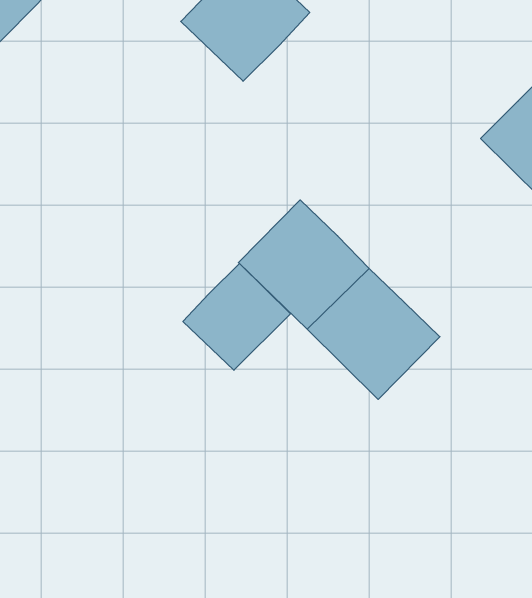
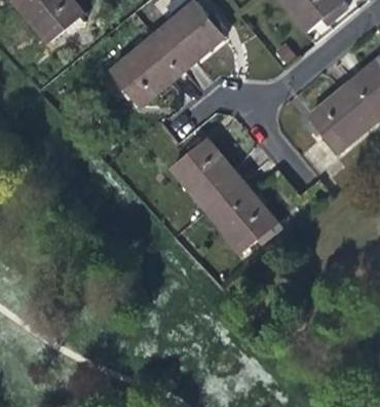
building: none -> [110,35,183,106]
building: [183,263,291,370] -> none

